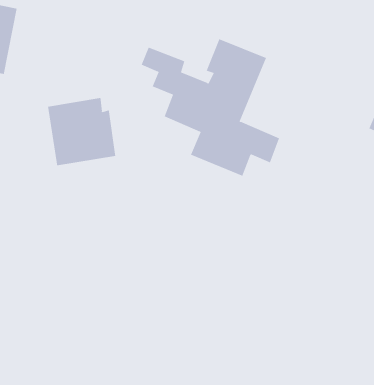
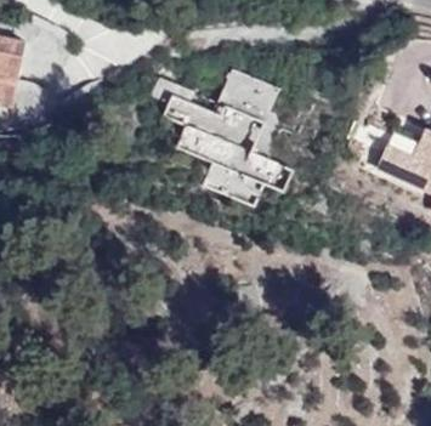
building: [48,97,116,166] -> none

